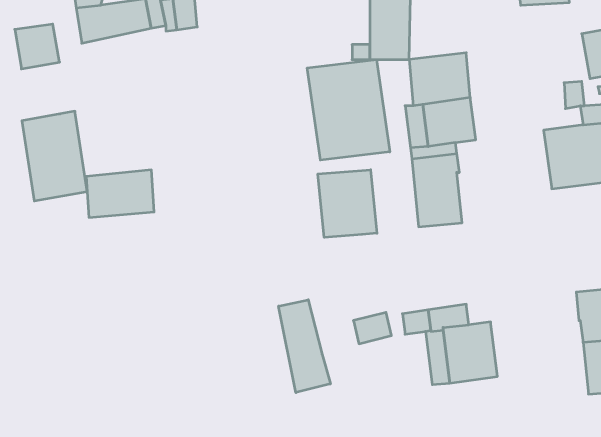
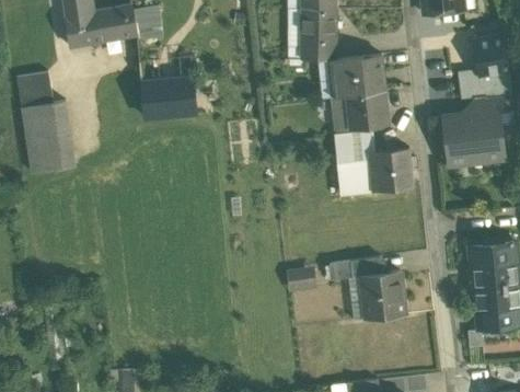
building: [15,24,60,69] -> [18,73,54,109]
building: [307,60,390,160] -> none
building: none -> [373,148,413,192]
building: [318,170,377,237] -> none
building: [86,170,154,217] -> [142,78,197,116]
building: [279,300,330,393] -> none

